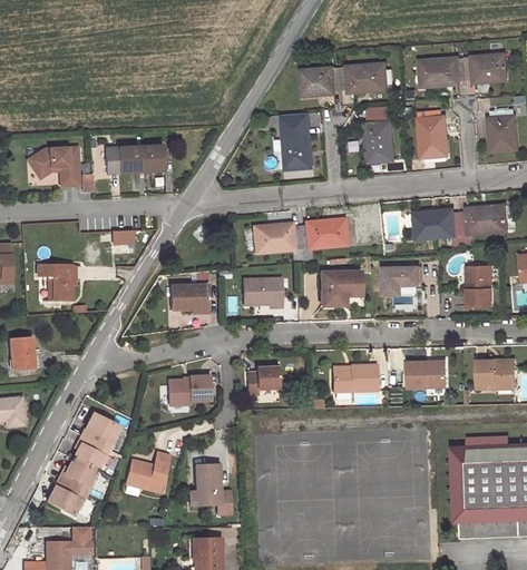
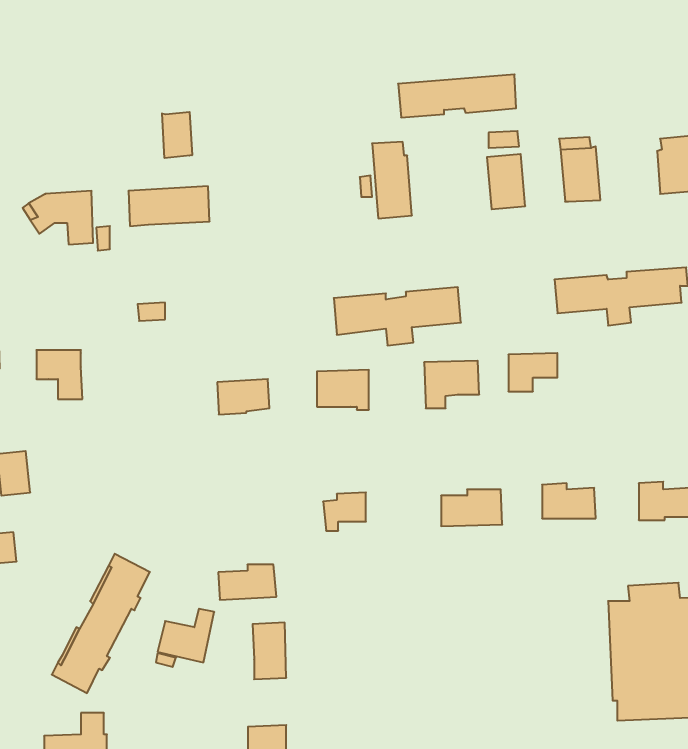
building: [420,53,506,86] -> none
building: none -> [162,112,192,158]
building: [466,271,489,306] -> none
building: [167,376,209,402] -> [218,565,276,600]

